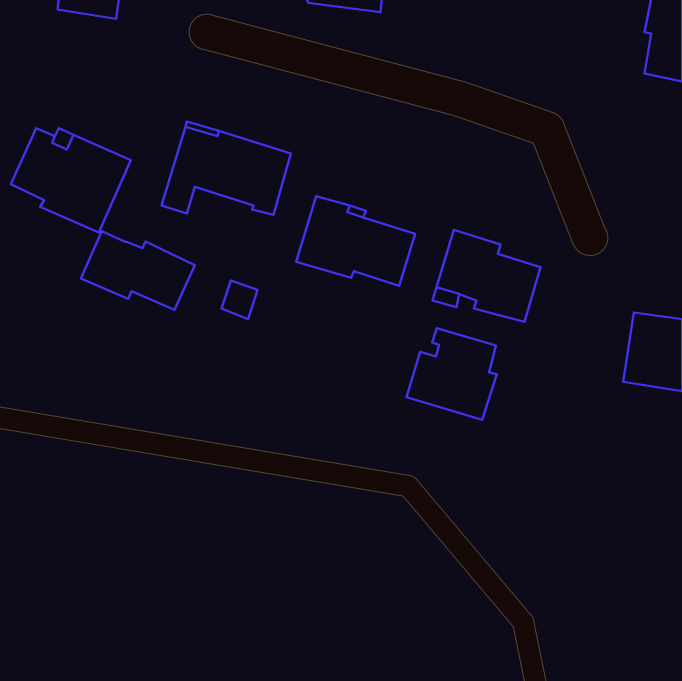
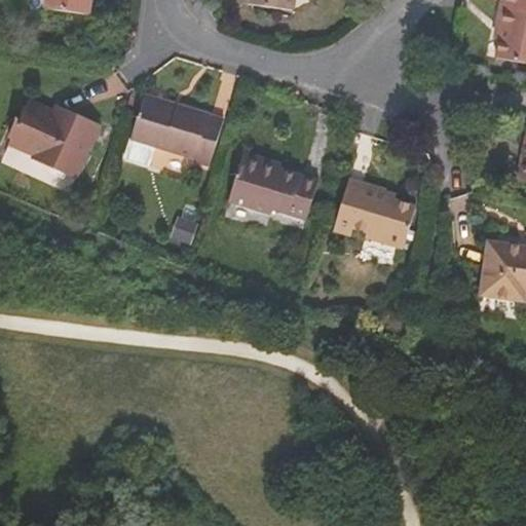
building: [81,231,195,310] -> none
building: [407,328,497,420] -> none

